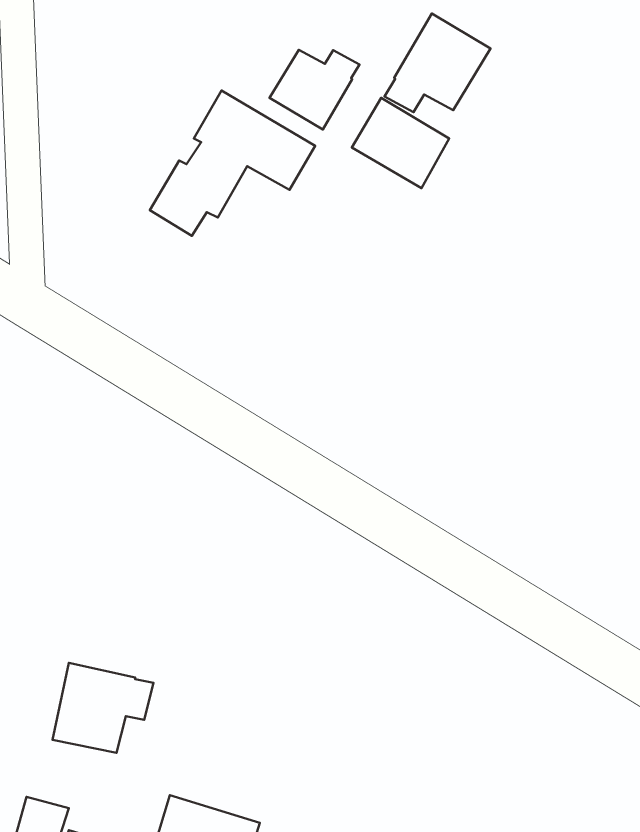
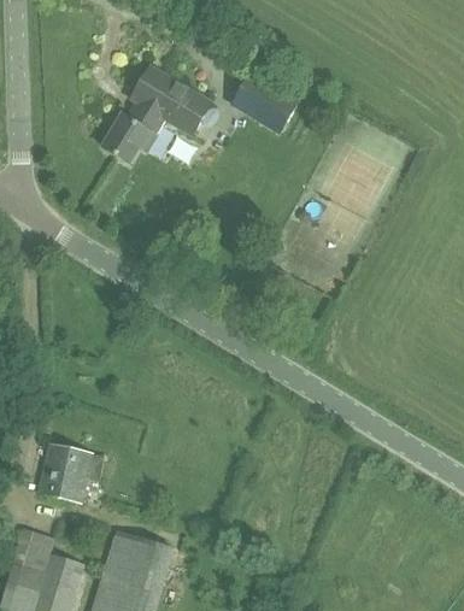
building: [385,13,491,112] -> none
building: [269,50,359,129] -> none

